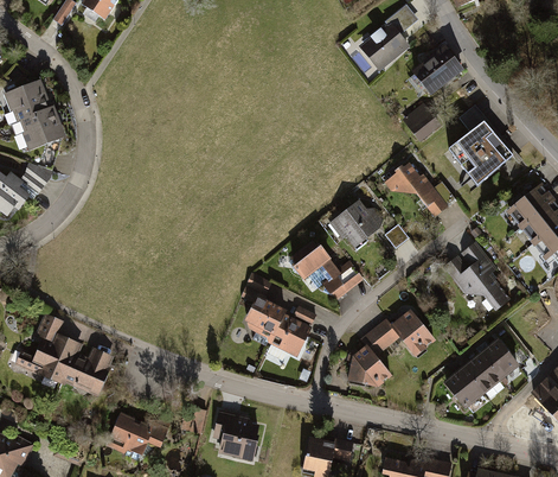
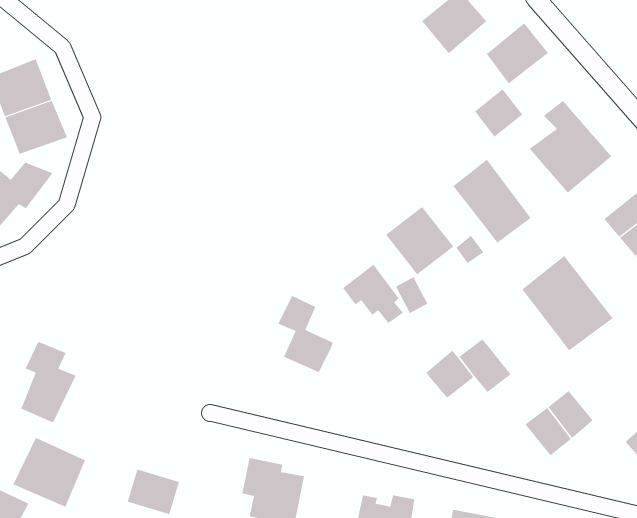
building: [271,307,314,354] -> none
building: [480,335,519,375] -> none
building: [54,338,115,396] -> [13,437,86,507]
building: [347,341,390,381] -> none

